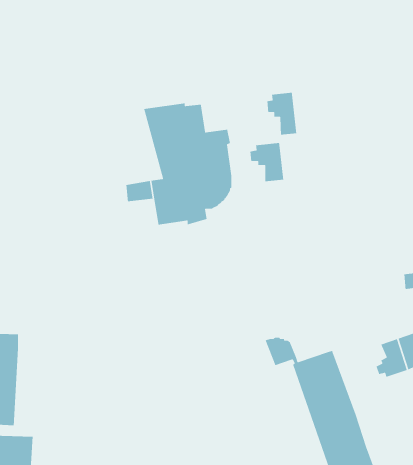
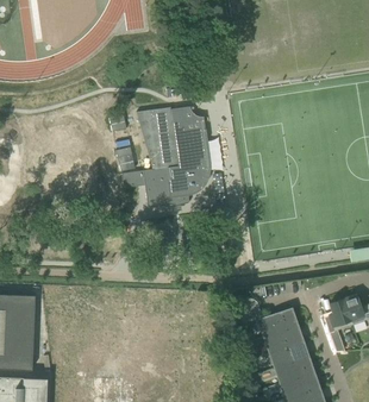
building: [266,92,297,135] -> none
building: [250,142,284,182] -> none

